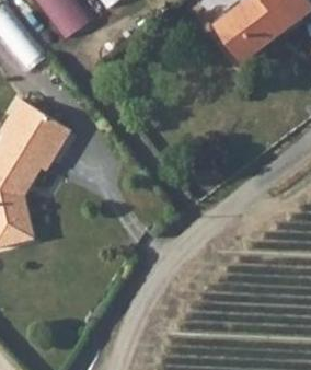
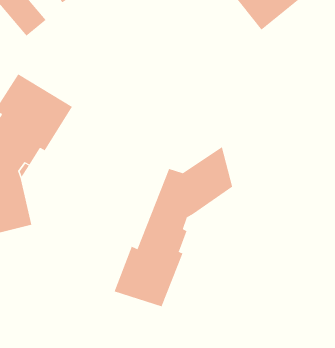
building: none -> [114,146,233,307]

